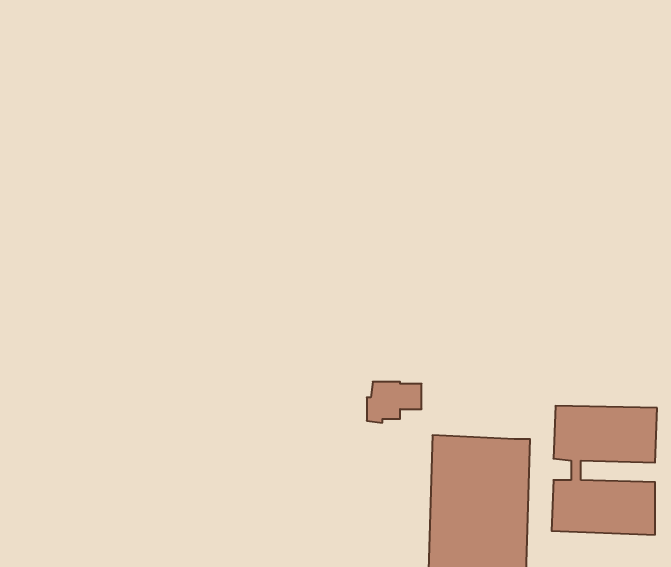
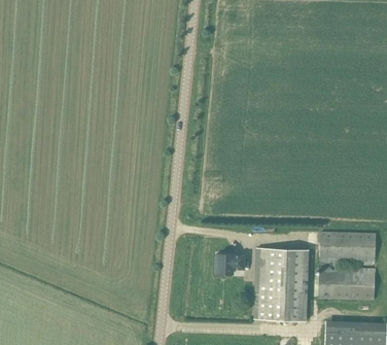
building: [367,382,422,423] -> [216,253,245,275]

